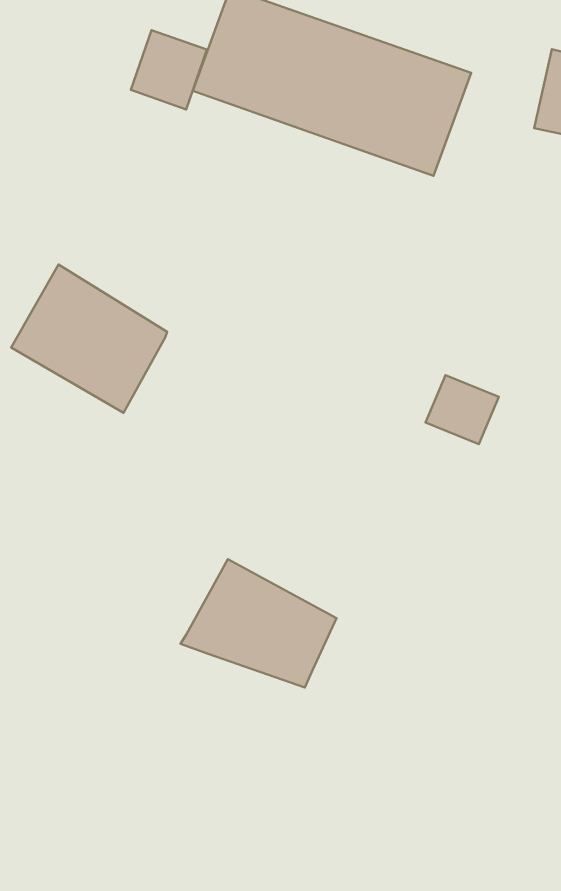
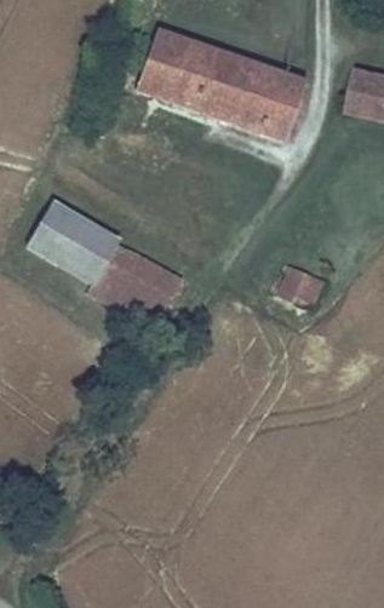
building: [131,30,207,109] -> none
building: [181,559,337,687] -> [90,241,185,320]

